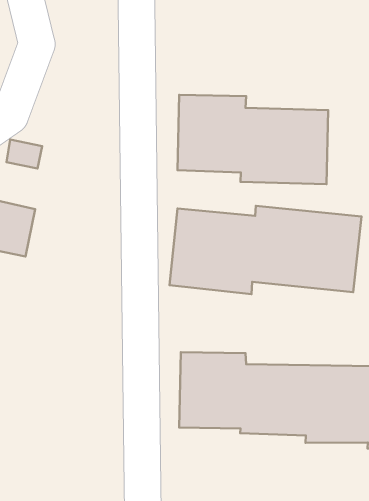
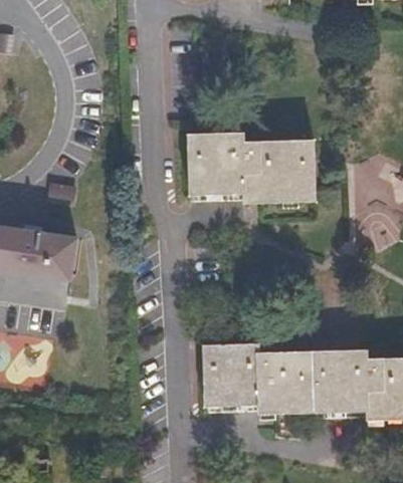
building: [169,206,361,294] -> none

